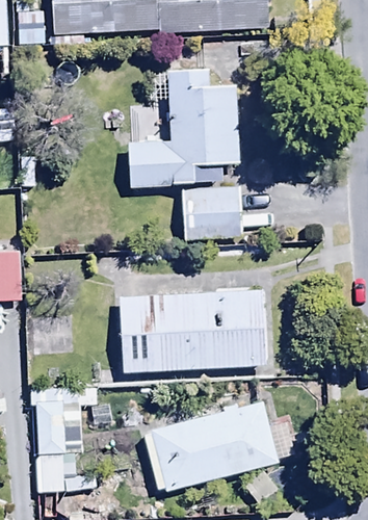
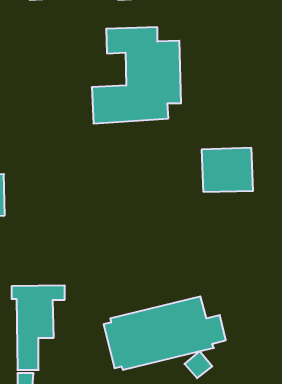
building: [181,185,244,239] -> [202,148,253,192]
building: [120,288,267,372] -> none

